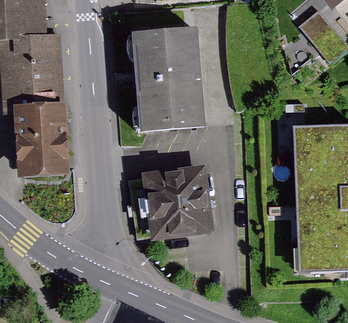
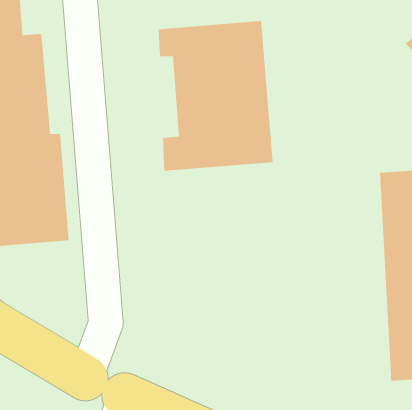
building: [122,165,213,244] -> none

